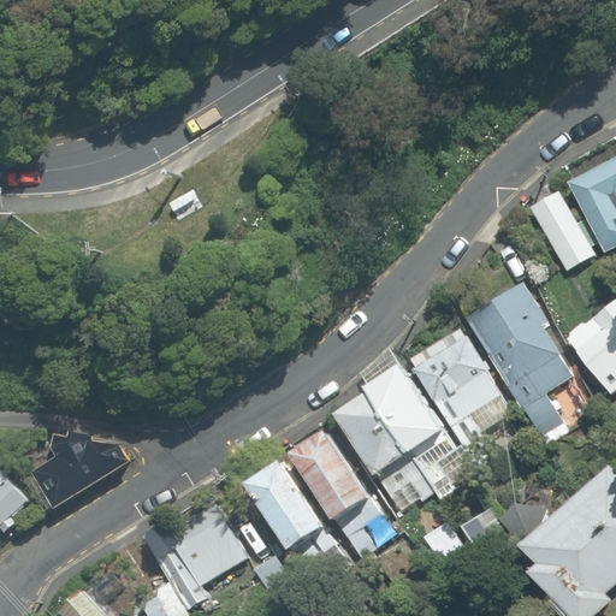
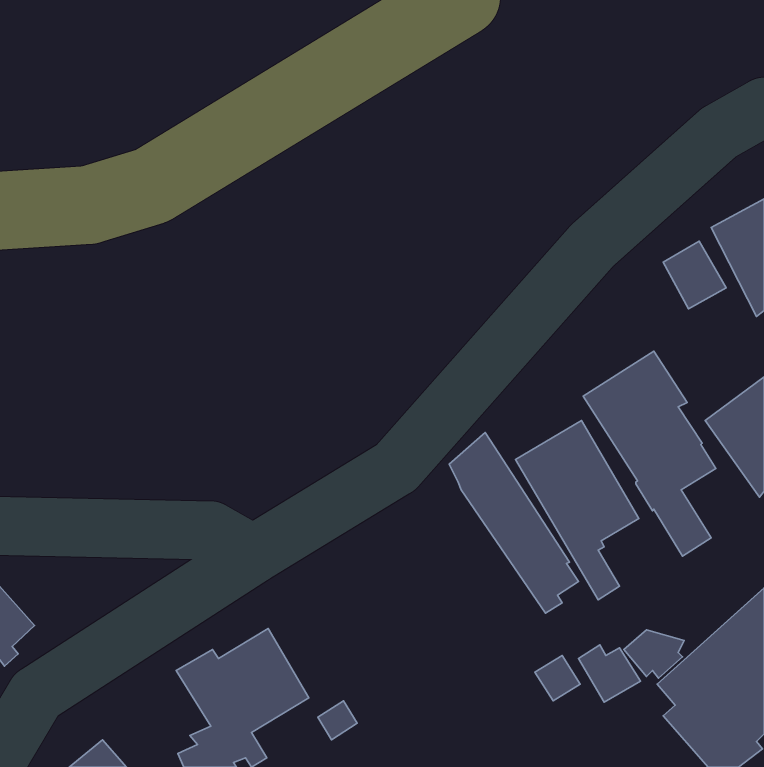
building: [336,391,436,505] -> none
building: [289,426,381,565] -> none
building: [30,432,130,509] -> none
building: [247,462,336,588] -> none

